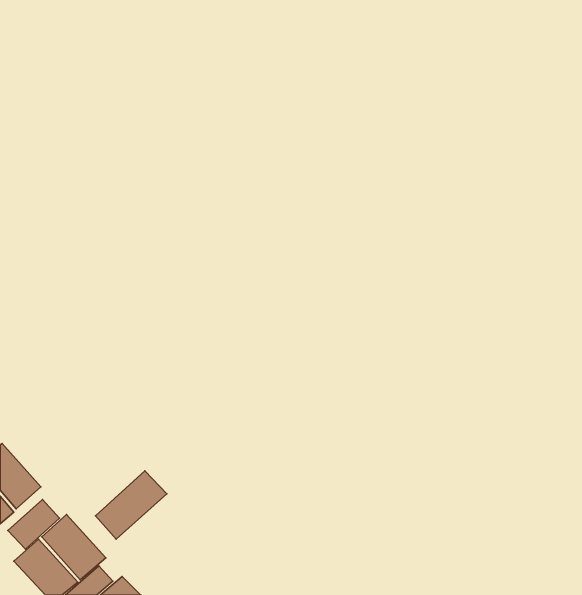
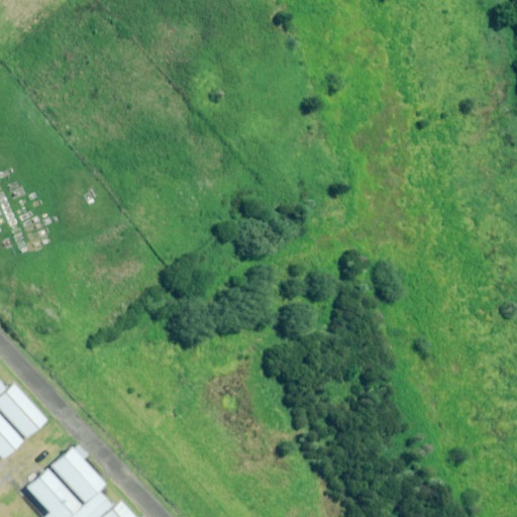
building: [95,471,167,539] -> none
building: [8,499,59,549] -> none

